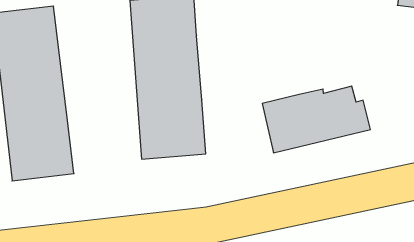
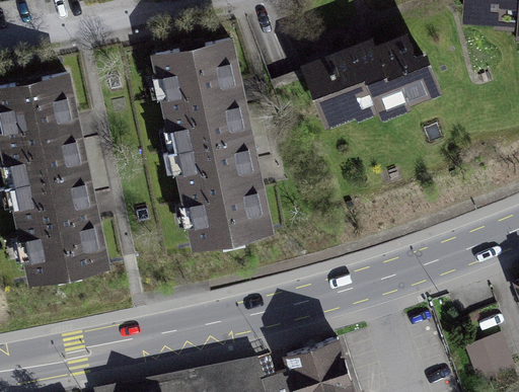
building: [262,86,370,153] -> [302,41,433,129]

